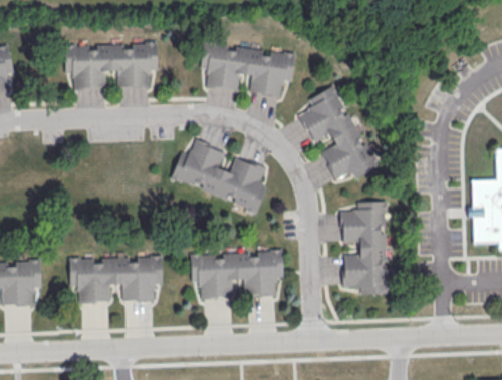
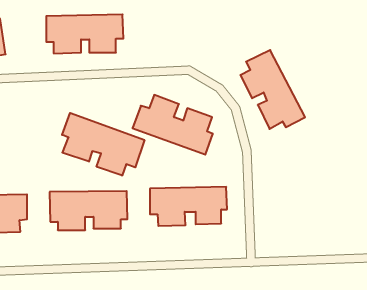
building: [201,40,296,96] -> none
building: none -> [62,113,144,176]
building: [341,200,389,293] -> none

